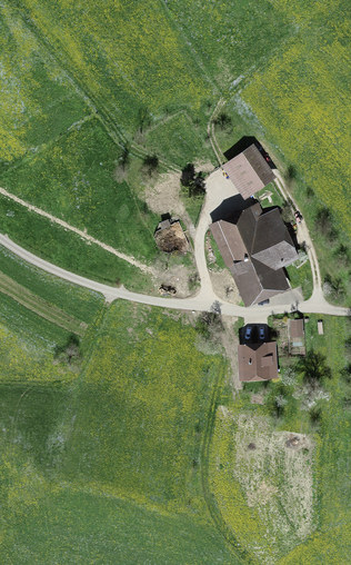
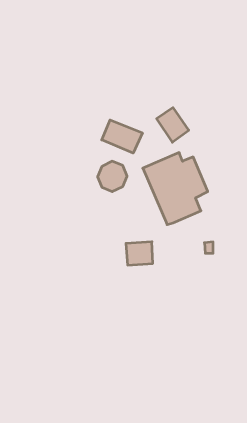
building: none -> [102,120,142,153]
building: [241,346,275,376] -> [126,242,153,265]

